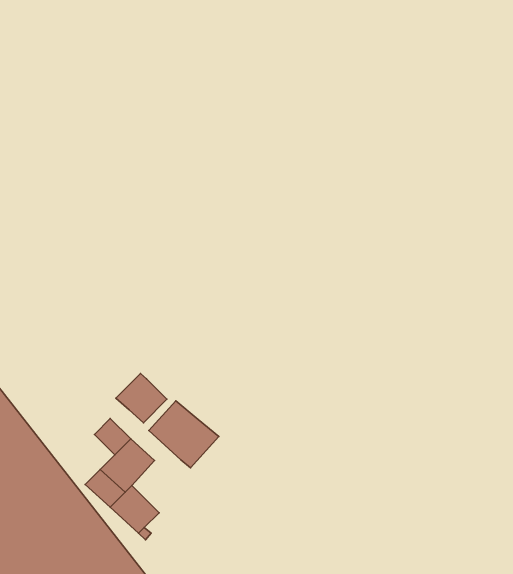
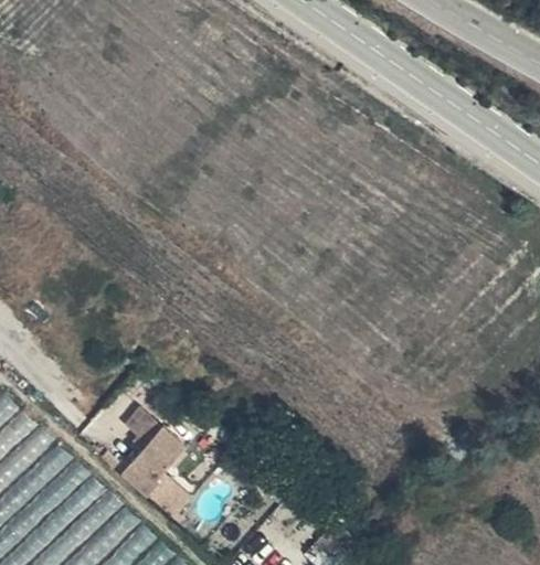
building: [116,373,167,423] -> none
building: [149,401,219,468] -> none

